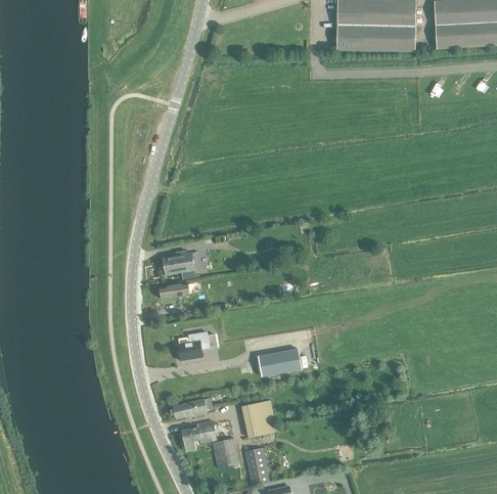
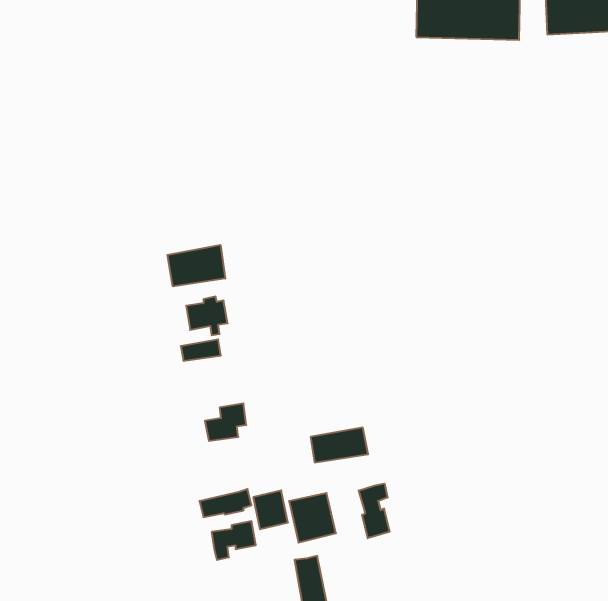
building: none -> [167,245,225,286]
building: none -> [359,484,390,538]
building: [212,437,238,466] -> [253,490,288,529]

